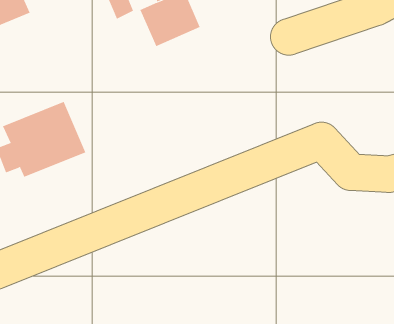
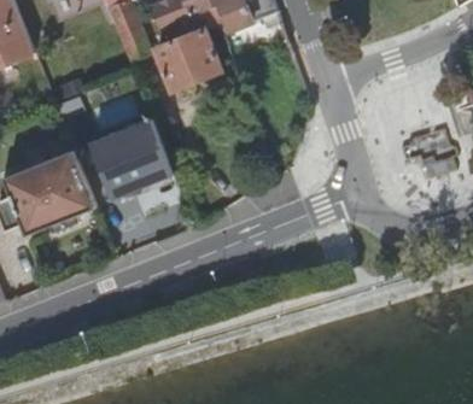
building: none -> [90,118,174,197]

